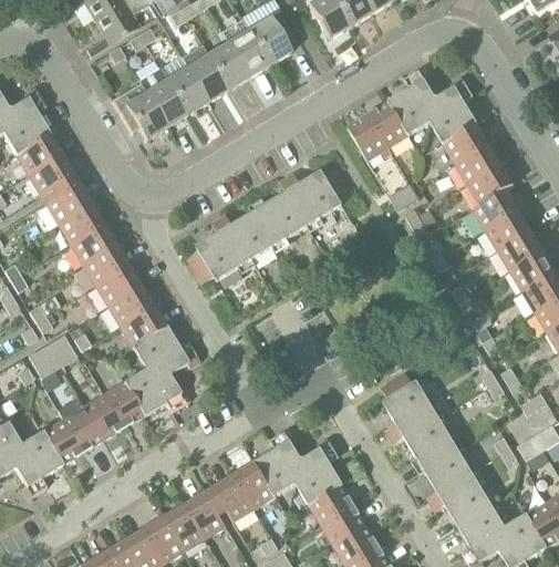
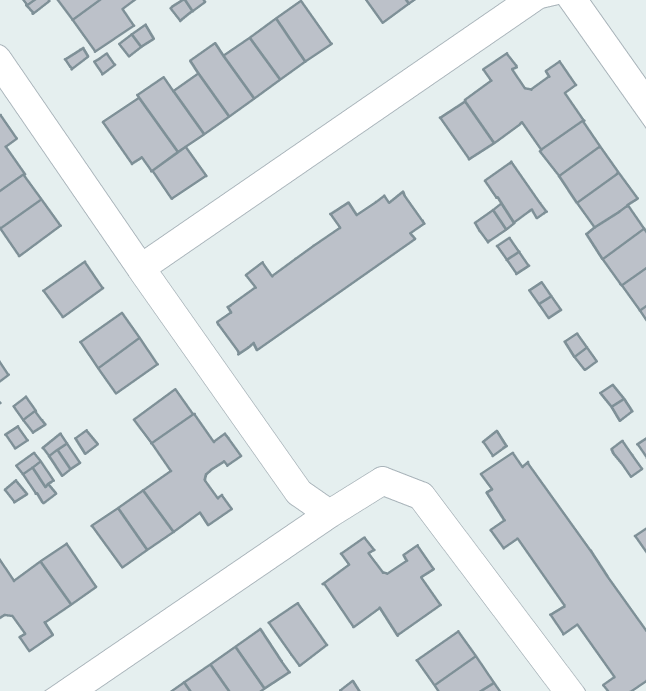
building: [348,113,393,159] -> [485,162,547,223]
building: none -> [152,147,206,199]
building: [45,182,91,224] -> none
building: [71,225,116,265] -> none
building: [107,286,153,327] -> none
building: [56,396,103,452] -> none
building: [235,462,276,508] -> none
building: [310,484,355,525] -> none

